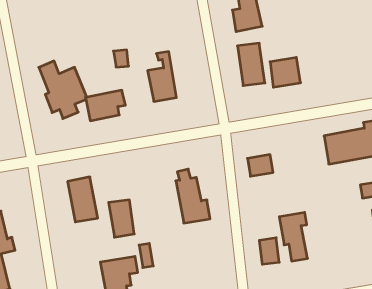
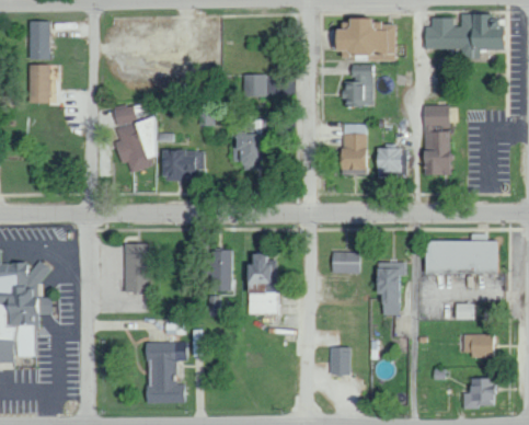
building: none -> [243,73,267,96]
building: none -> [422,104,450,175]
building: [109,200,134,237] -> [211,250,235,290]
building: [279,212,308,261] -> [375,262,404,314]

